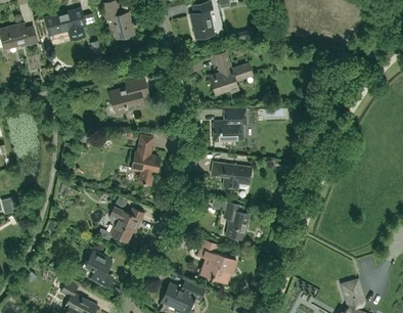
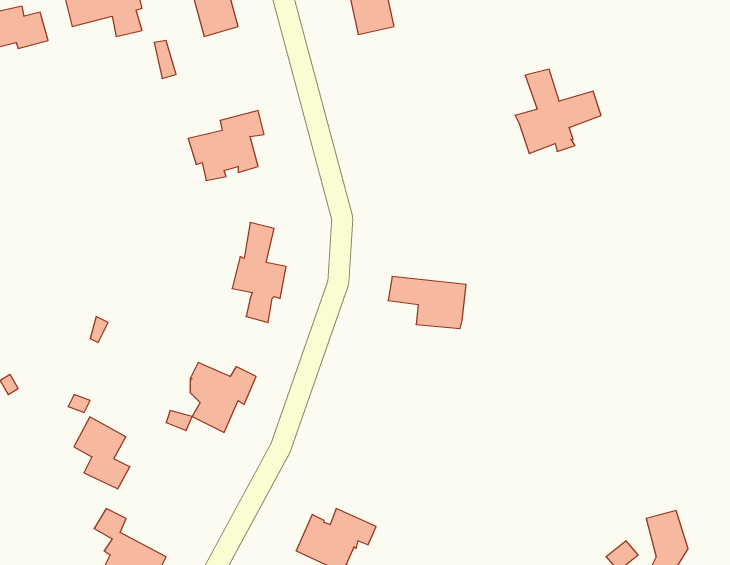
building: [209,52,253,95] -> [515,69,601,153]
building: [213,109,247,141] -> none
building: [223,203,249,239] -> none
building: [197,239,235,283] -> none
building: [85,251,114,287] -> [74,417,130,489]

